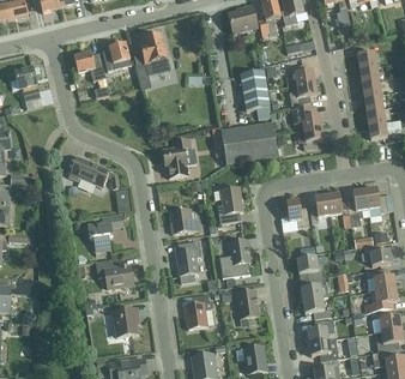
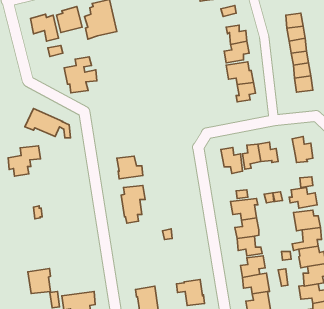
building: [241,68,271,118] -> none
building: [220,121,278,163] -> none
building: [162,137,198,176] -> [64,57,97,93]
building: [217,185,243,222] -> none
building: [346,188,368,225] -> none
building: [87,212,123,246] -> [8,146,41,176]
building: [219,237,250,276] -> none
building: [96,258,133,287] -> none
building: [236,288,259,318] -> none
building: [183,293,213,327] -> none
building: [113,307,138,335] -> [28,269,51,294]

